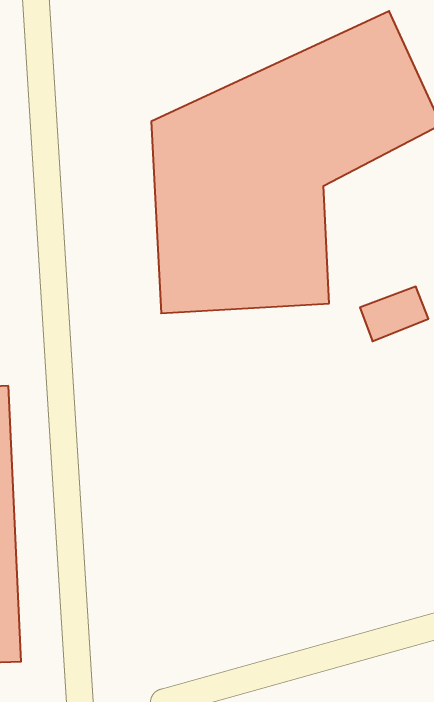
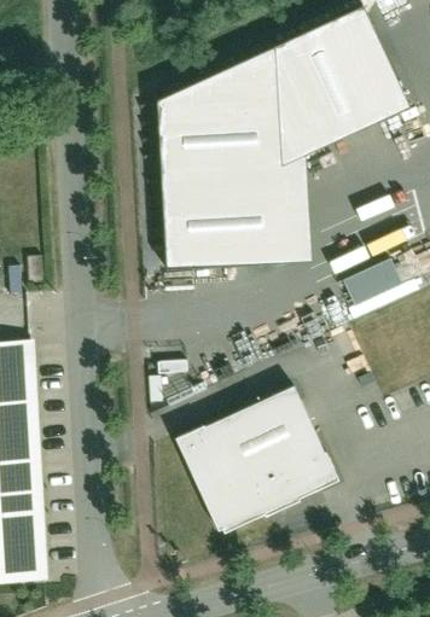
building: none -> [176,374,329,520]

